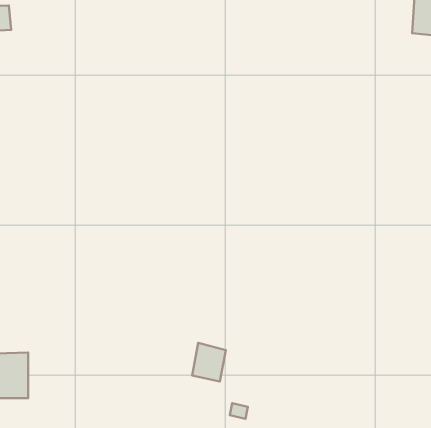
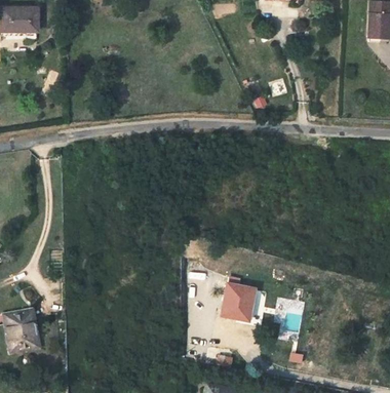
building: [192,343,226,381] -> [222,281,250,314]

